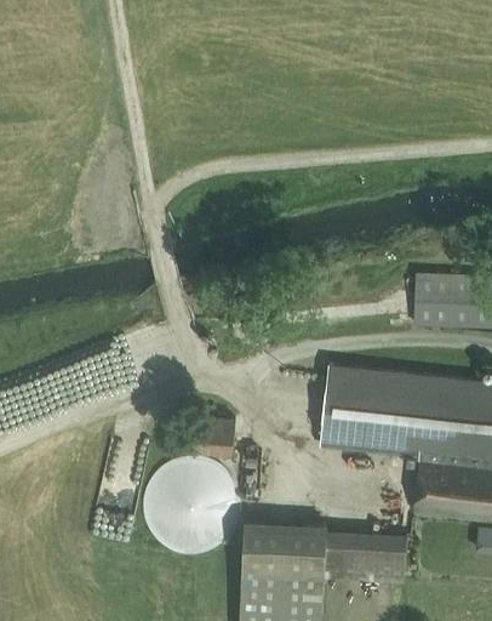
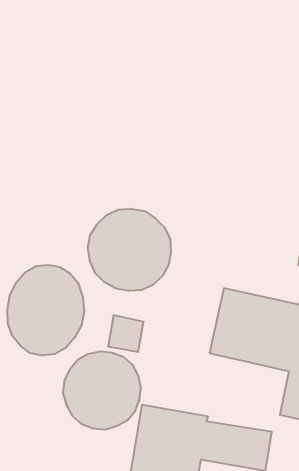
building: none -> [88,209,171,291]
building: none -> [7,265,84,356]

